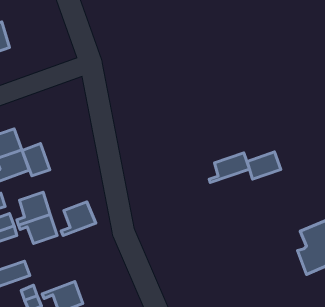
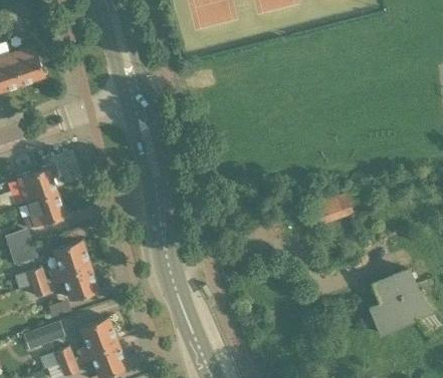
building: [22,143,50,176] -> none
building: [209,153,250,183] -> none
building: [61,202,96,235] -> [77,319,117,357]

